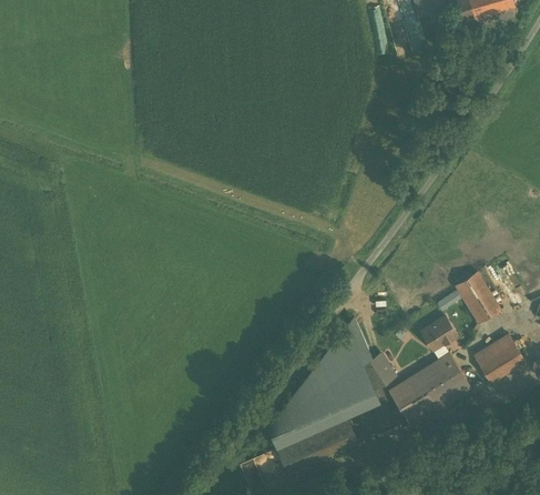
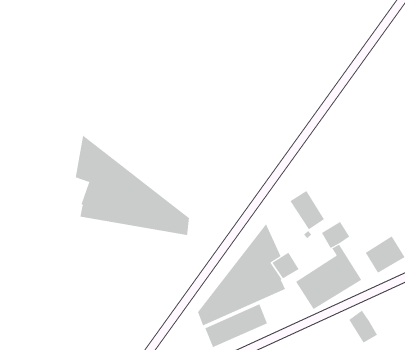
building: none -> [75,135,190,236]
building: [456,272,499,321] -> [290,190,325,230]
building: none -> [349,310,378,344]

